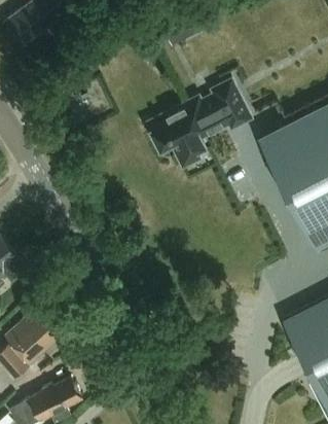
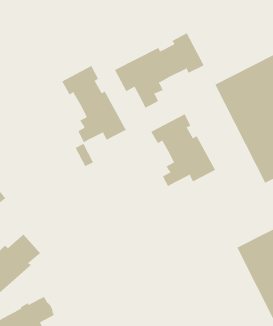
building: none -> [62,65,127,143]
building: none -> [151,114,216,187]

